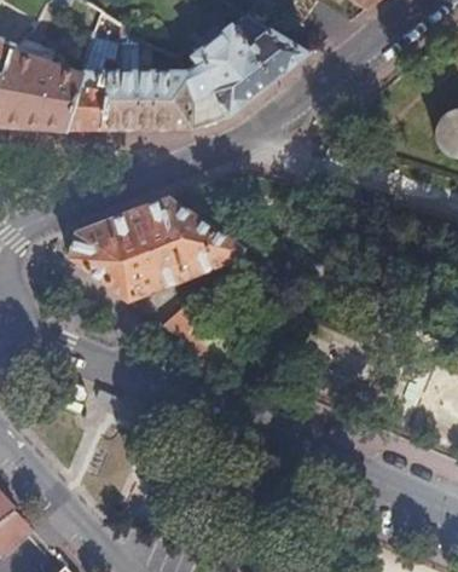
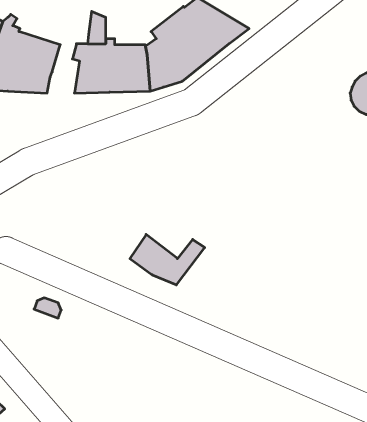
building: [65,60,104,131] -> none
building: [68,197,242,307] -> none

